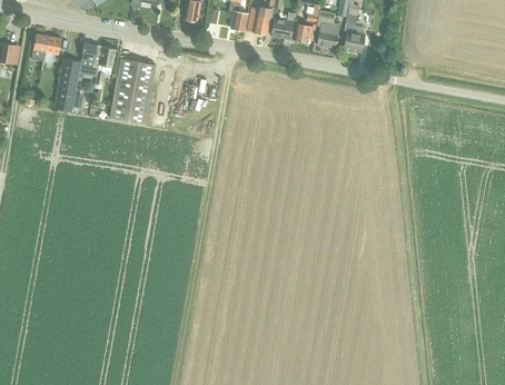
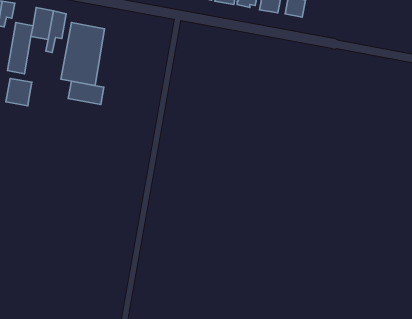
building: none -> [6,78,32,106]
building: none -> [68,81,104,105]

